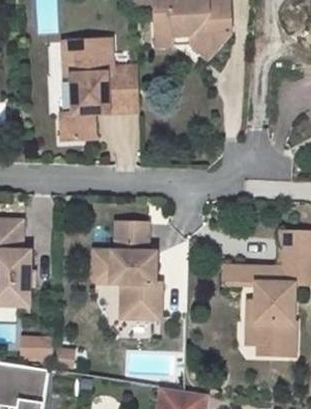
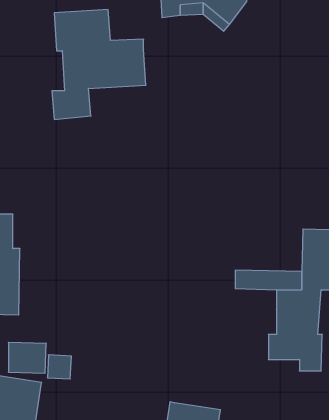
building: [95,222,160,320] -> none

